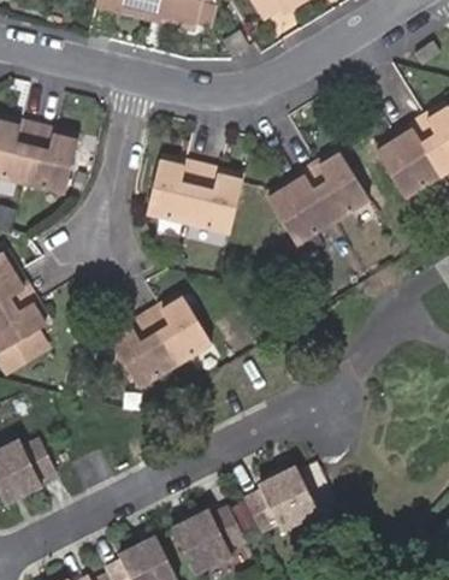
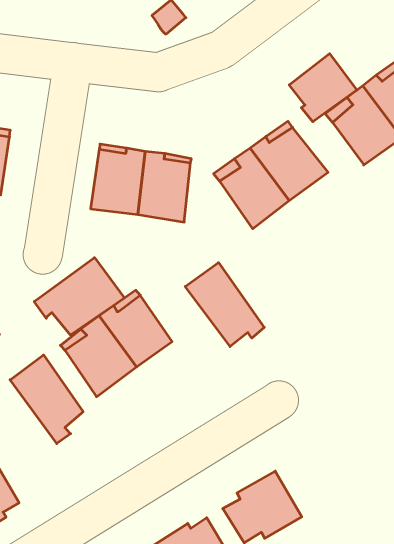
building: none -> [289,54,357,122]
building: none -> [34,258,124,335]
building: none -> [185,263,264,347]
building: none -> [10,355,83,444]

